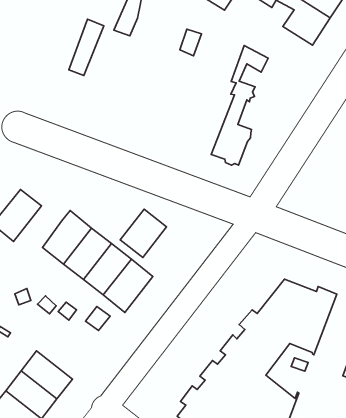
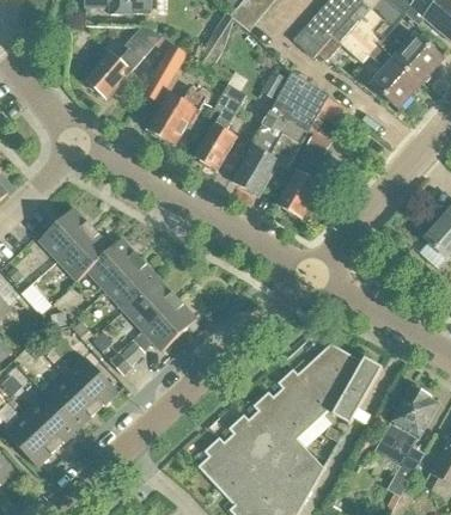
building: none -> [85,27,161,98]
building: none -> [237,72,329,195]
building: none -> [195,84,246,168]
building: none -> [147,87,207,145]
building: none -> [59,228,111,281]
building: [120,209,167,258] -> none
building: none -> [65,356,118,411]

